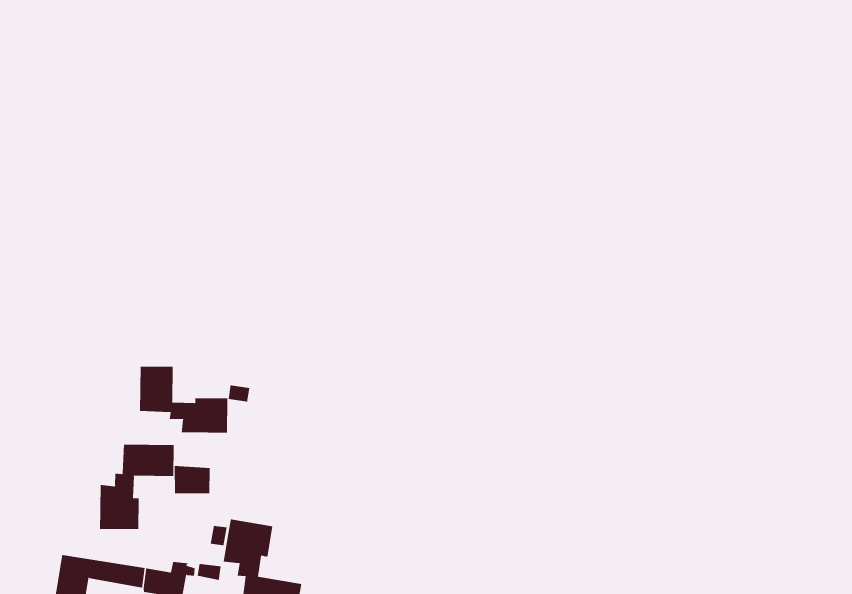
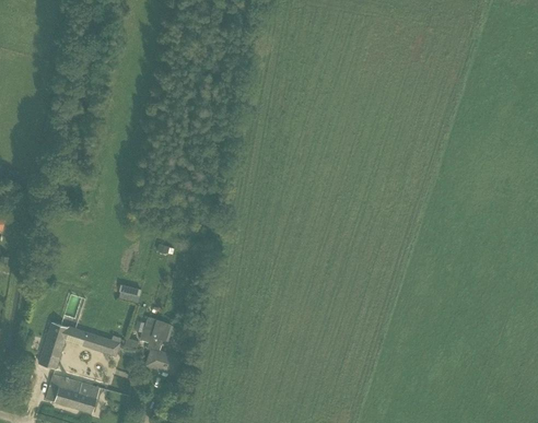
building: [140,366,228,434] -> none
building: [99,444,174,530] -> none

